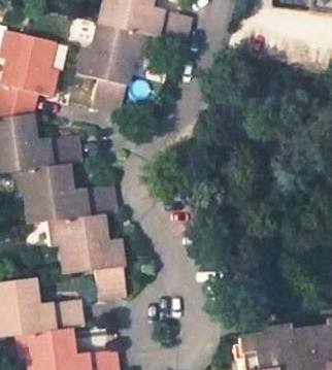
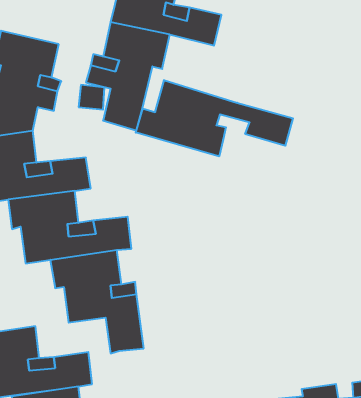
building: none -> [136,80,293,156]

